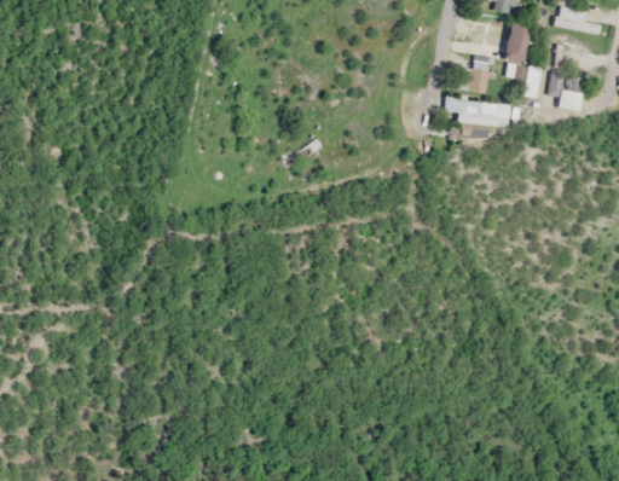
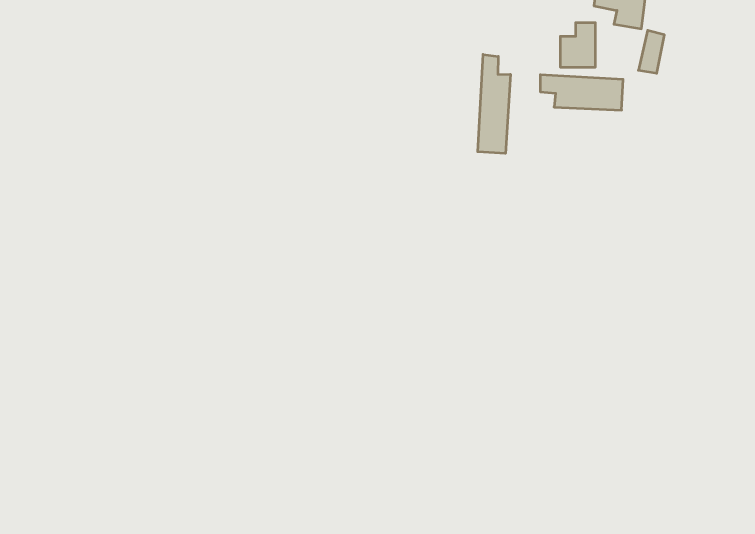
building: [550,75,584,110] -> none
building: none -> [478,54,510,153]

